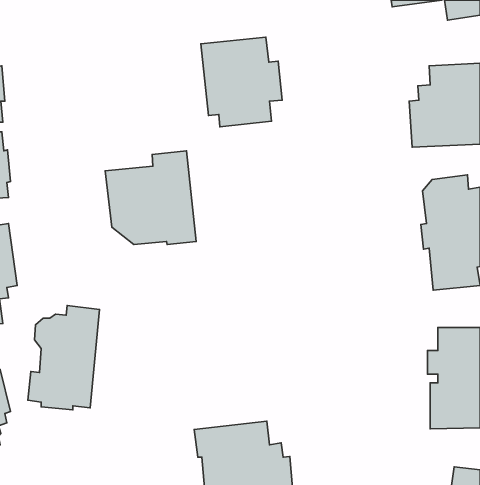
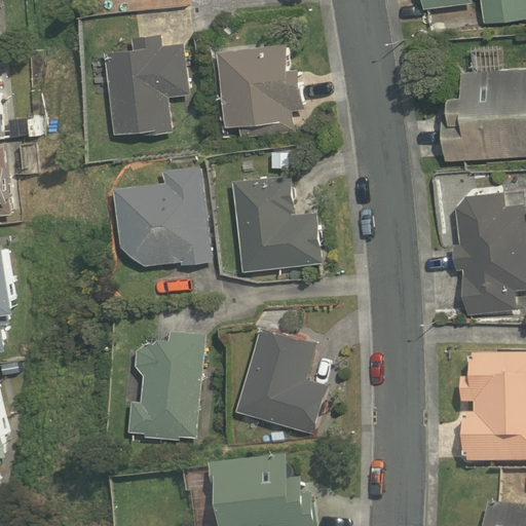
building: none -> [103,35,187,136]
building: none -> [232,175,322,272]
building: none -> [234,325,328,436]
building: [28,306,100,410] -> [127,330,204,442]

